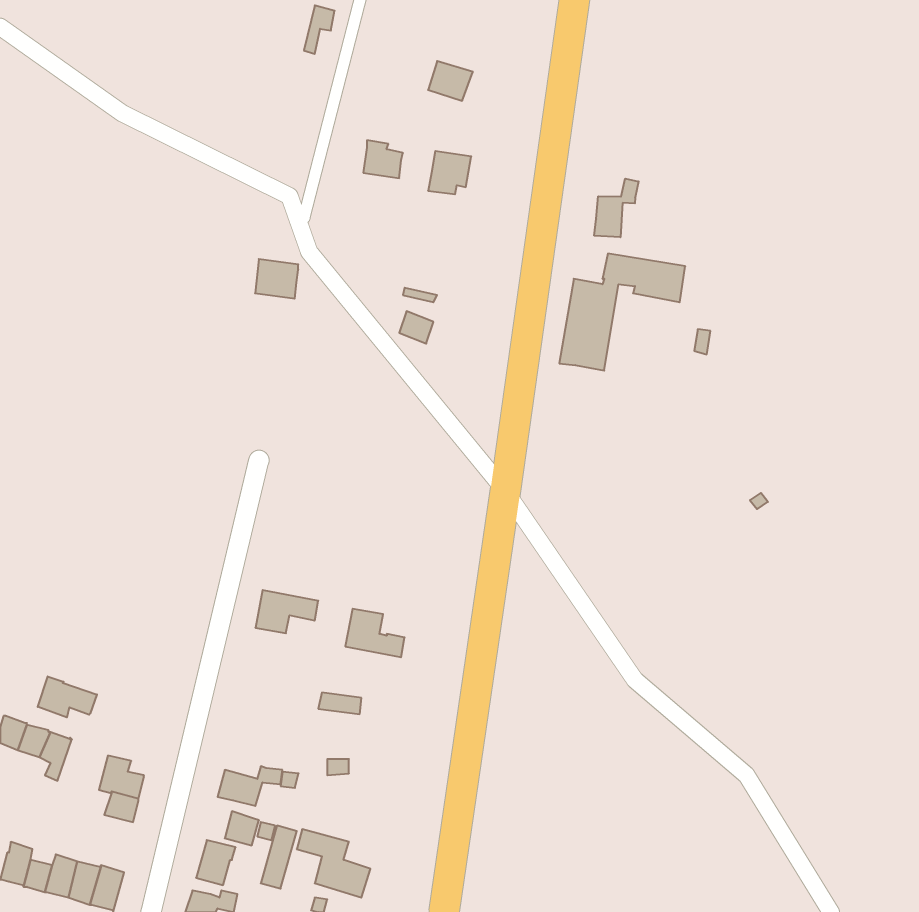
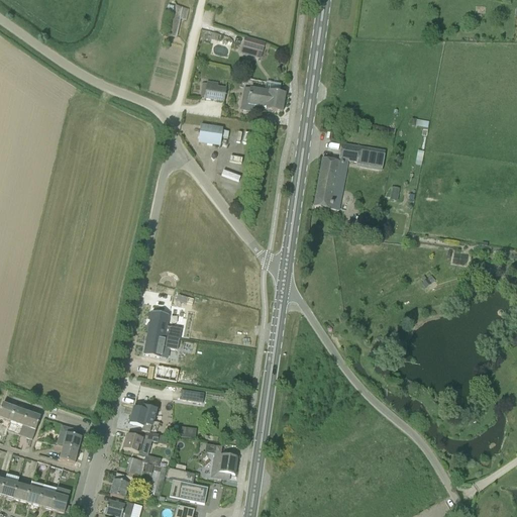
building: none -> [262,81,285,110]
building: [594,179,639,237] -> none
building: [255,259,298,299] -> [198,122,222,144]
building: [345,609,405,657] -> [147,310,181,337]
building: [38,676,97,717] -> none
building: none -> [129,406,165,431]
building: none -> [205,442,237,477]

